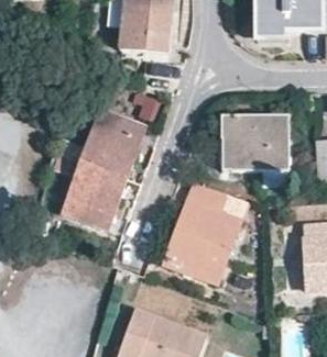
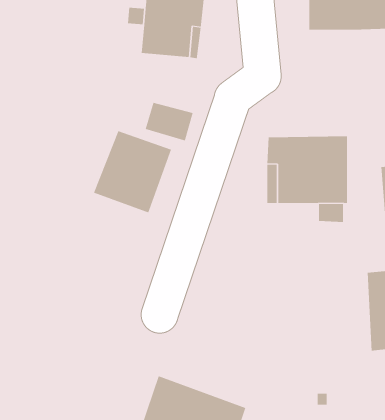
building: [63,160,126,227] -> none
building: [164,183,239,280] -> none

